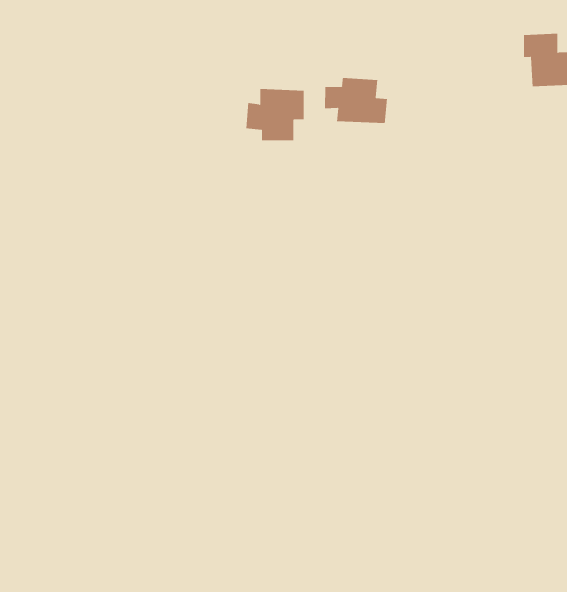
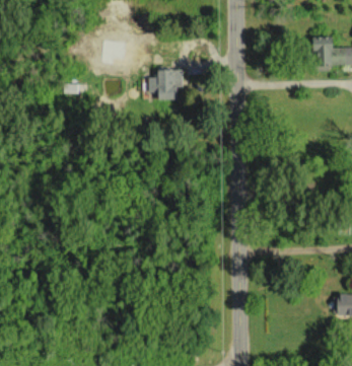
building: [325,77,387,124] -> none

